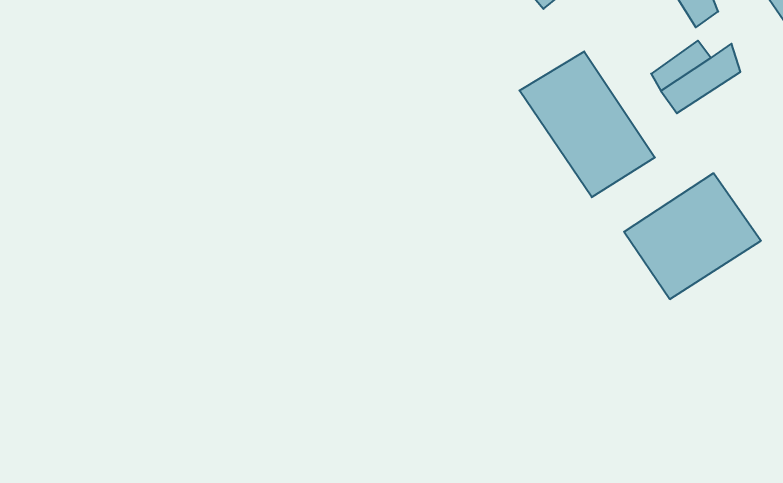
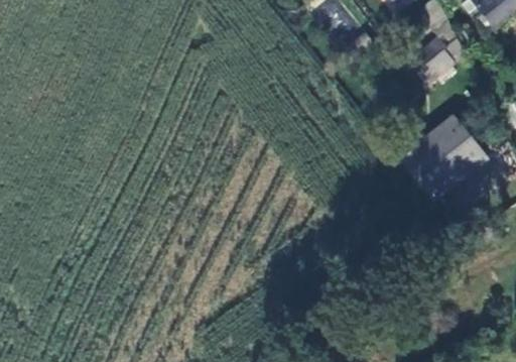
building: [519,51,655,197] -> none

